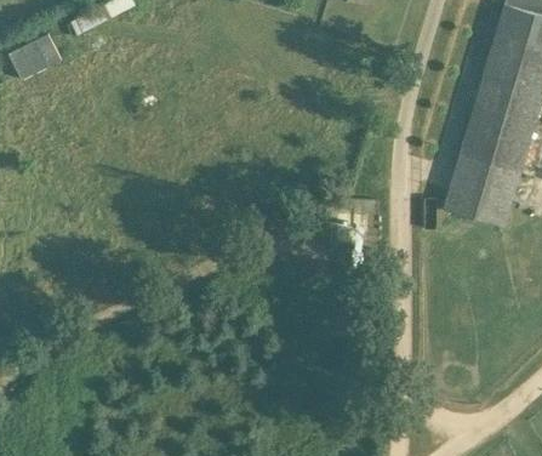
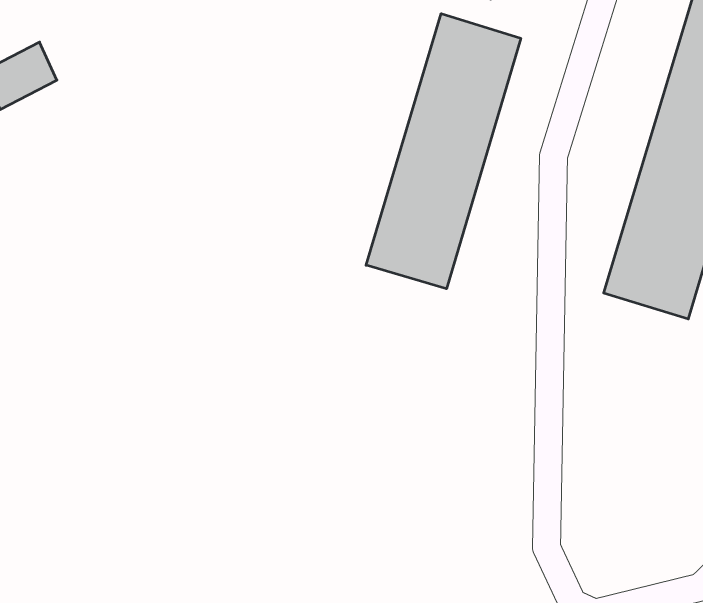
building: none -> [366,14,521,289]

